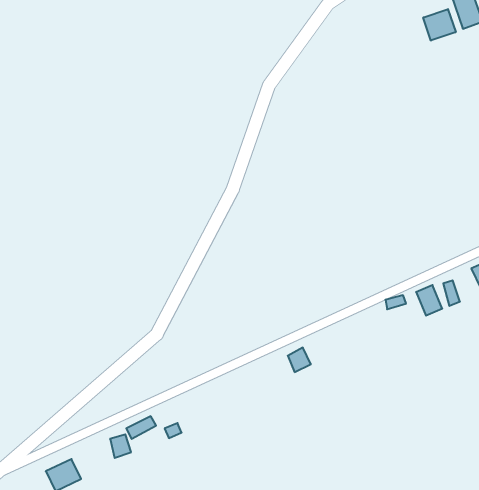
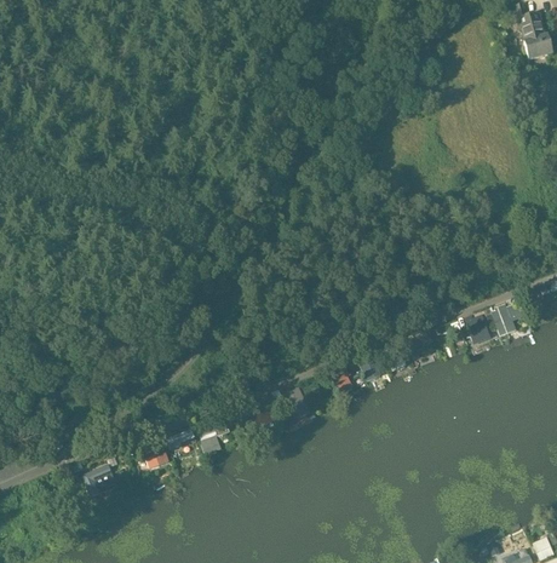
building: [423,9,456,41] -> none

